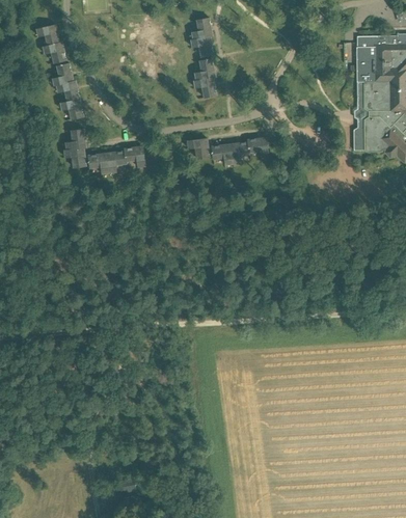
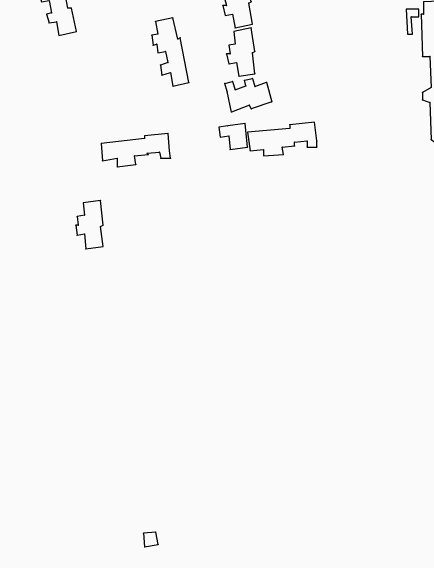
building: [51,62,82,119] -> [152,18,189,86]
building: none -> [225,78,272,112]
building: [62,128,85,168] -> [76,200,103,249]

